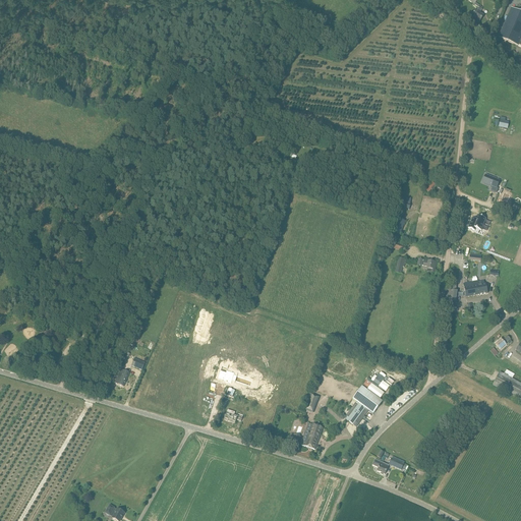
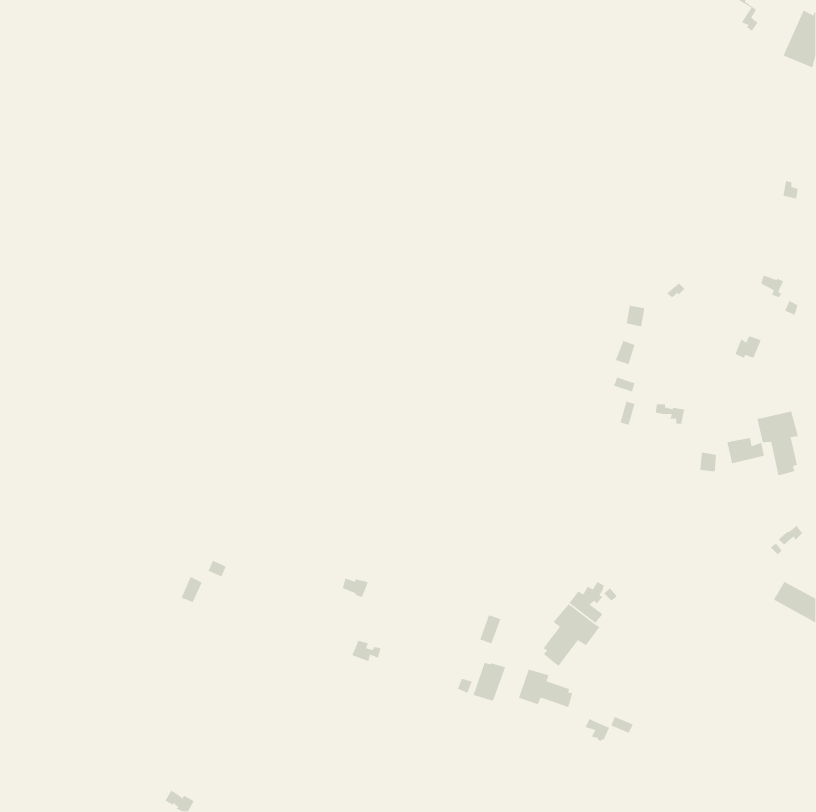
building: none -> [757,411,799,476]
building: none -> [518,668,573,708]

